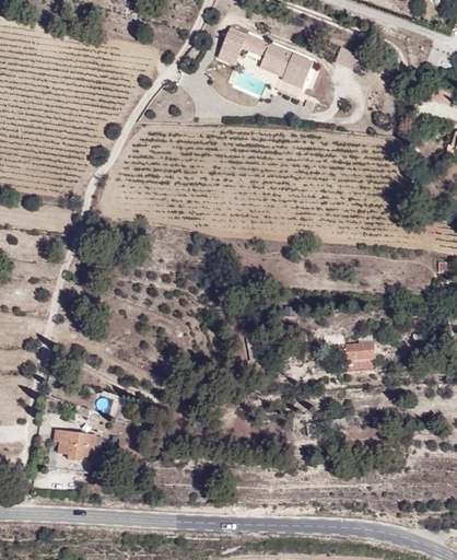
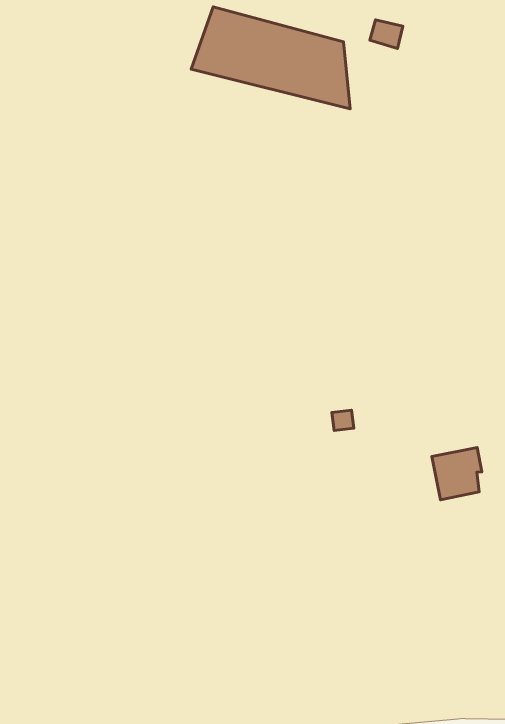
building: [46,428,98,462] -> none

